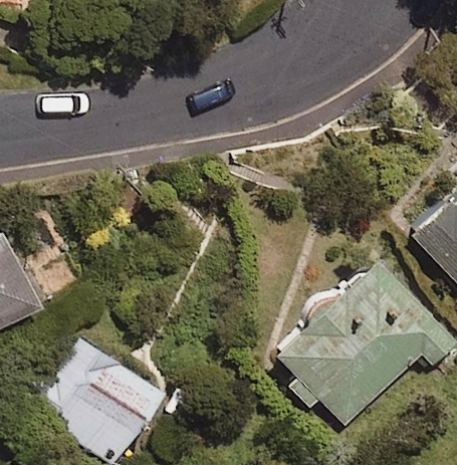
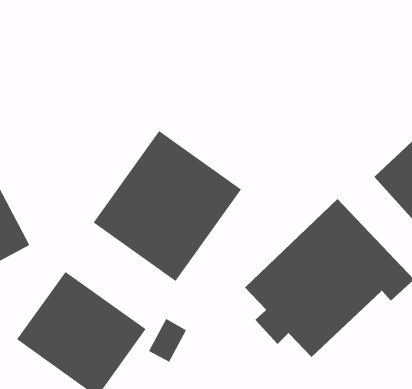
building: none -> [93,130,242,282]

